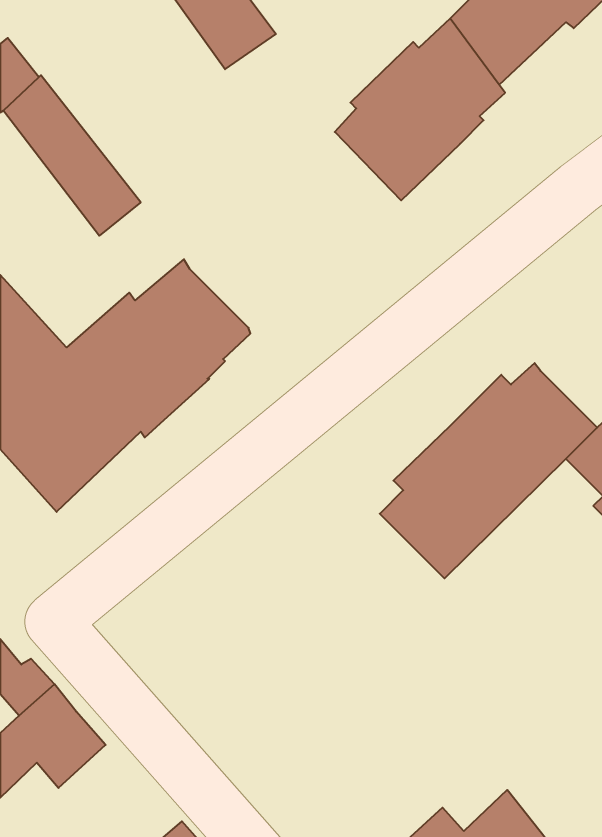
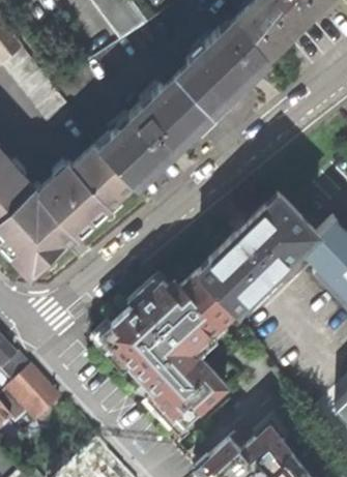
building: none -> [100,77,212,183]
building: none -> [102,271,234,422]

